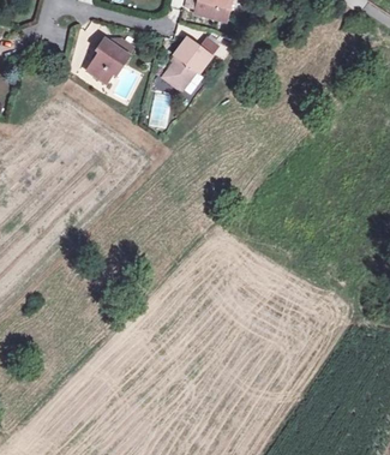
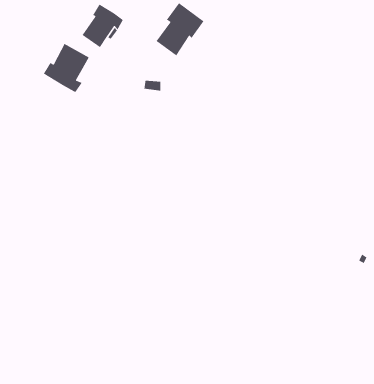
building: none -> [43,43,90,93]

